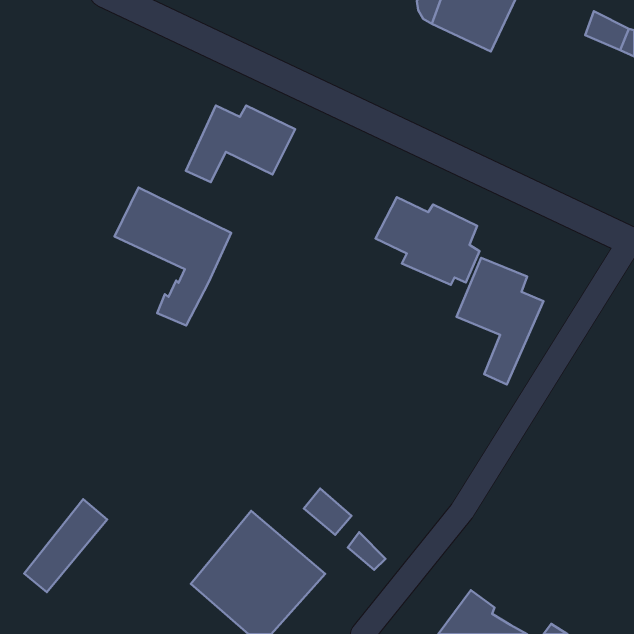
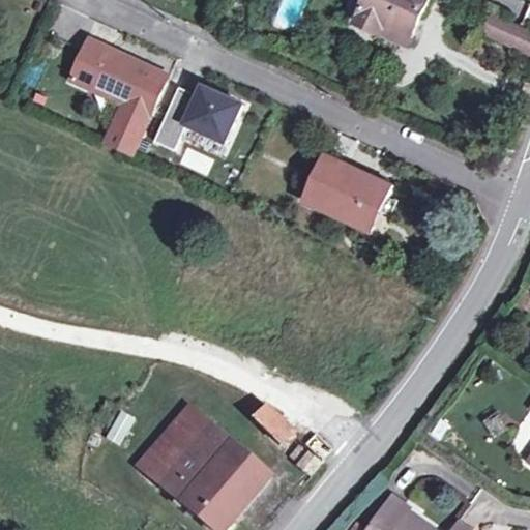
building: [115,188,231,326] -> [70,38,167,152]
building: [457,258,544,385] -> none
building: [24,499,107,592] -> [139,405,207,481]

